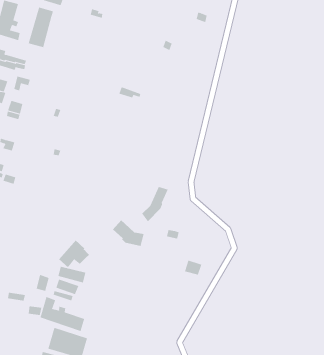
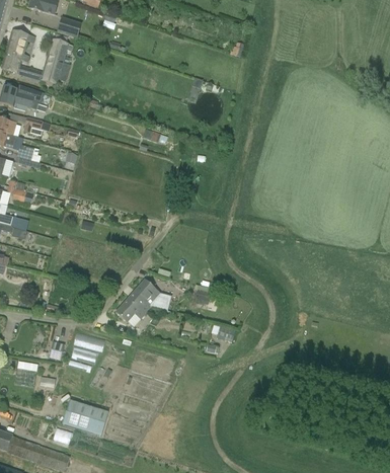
building: [141,186,169,222] -> none
building: [58,239,90,268] -> [115,289,151,321]
building: [40,296,85,332] -> none

